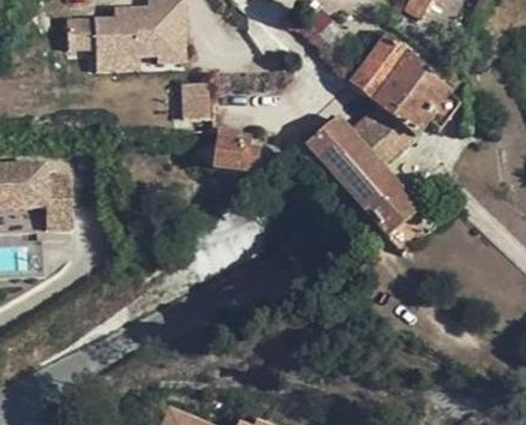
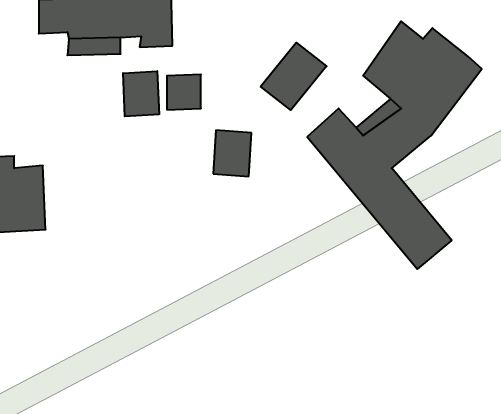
building: none -> [261,43,327,110]
building: none -> [123,71,159,116]

